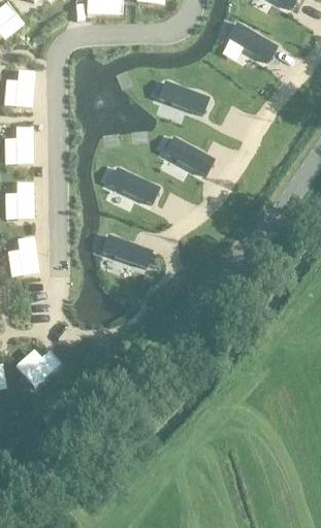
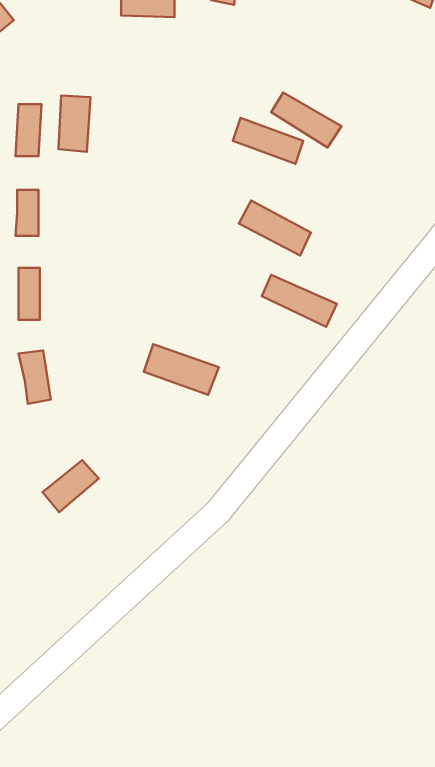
building: [228,22,276,59] -> [271,92,341,147]
building: none -> [58,95,90,152]
building: [109,168,160,203] -> [262,275,337,327]
building: [23,353,61,388] -> [42,460,99,512]

